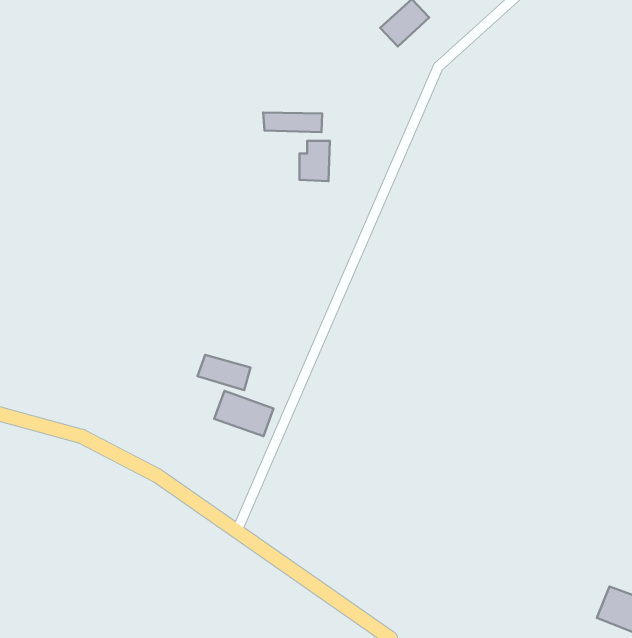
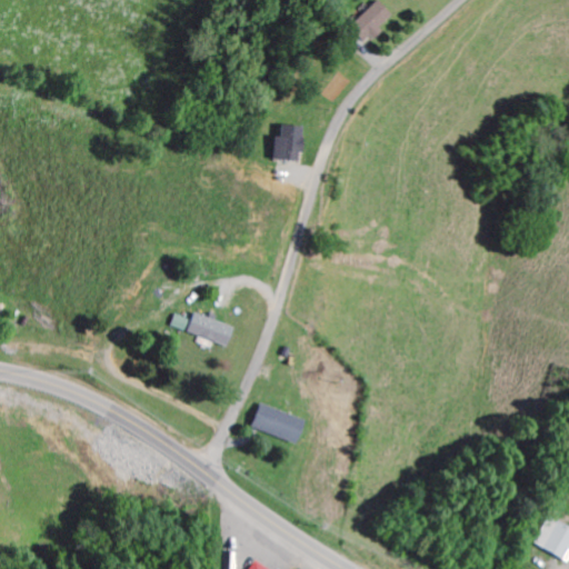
building: [263,112,322,132] -> none
building: [214,391,273,436] -> [253,402,306,442]

